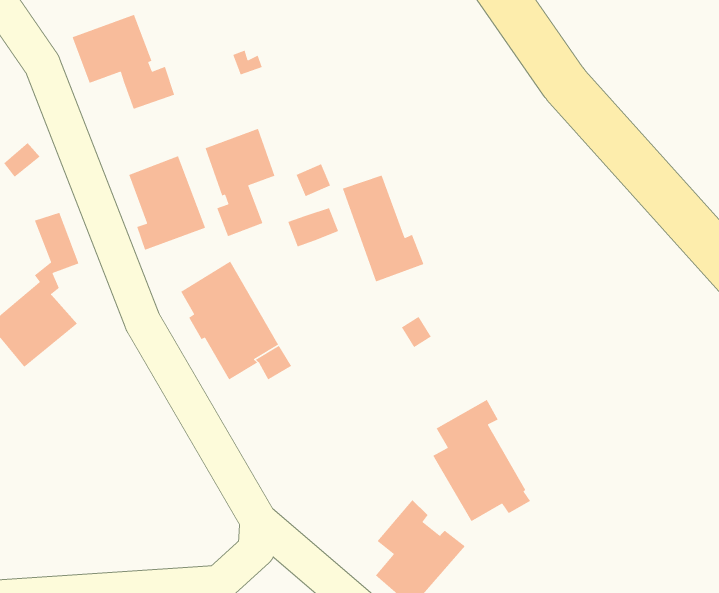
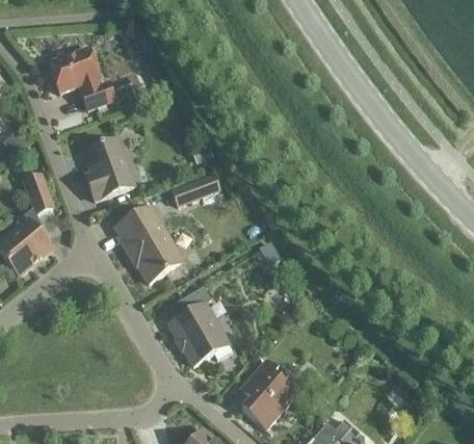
building: [204,128,276,237] -> none
building: [342,175,424,282] -> none
building: [432,399,531,522] -> [168,286,232,365]

